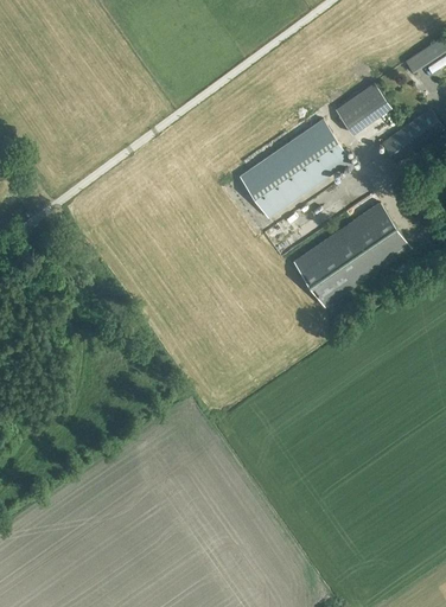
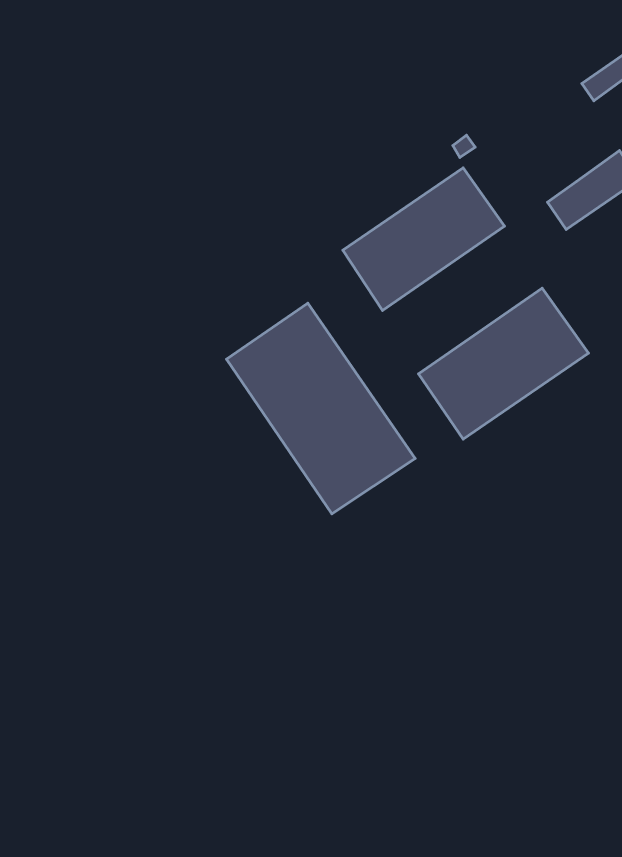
building: [334,83,390,135] -> none
building: none -> [227,303,415,514]

